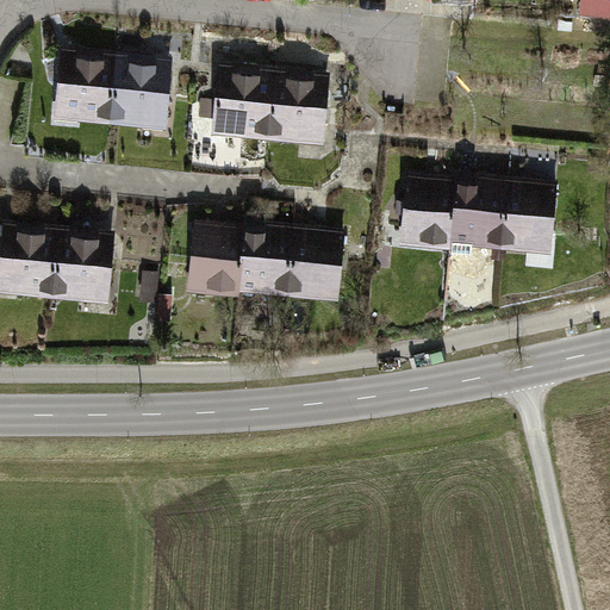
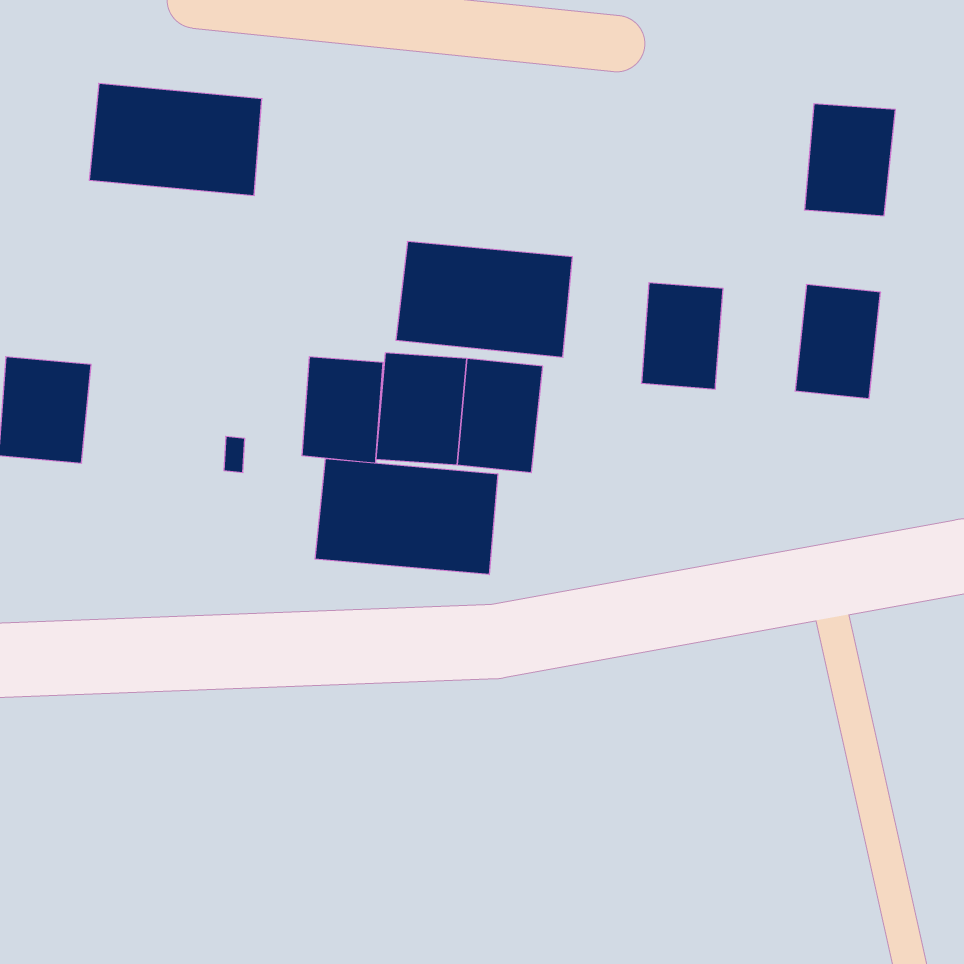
building: [213,71,324,144] -> [396,242,572,357]
building: [449,179,506,249] -> [804,104,895,216]
building: [51,232,108,299] -> none
building: none -> [315,459,498,575]

